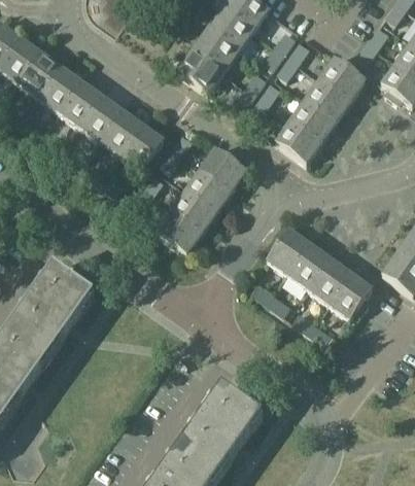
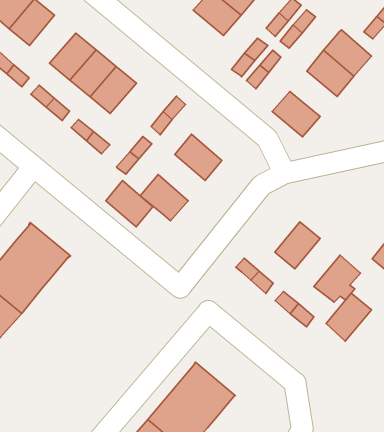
building: [177,48,222,91] -> none
building: [38,64,81,110] -> none
building: [290,98,336,140] -> none
building: [120,123,164,168] -> none
building: [200,146,246,189] -> none
building: [171,187,216,231] -> [106,181,153,227]
building: [267,227,310,273] -> none
building: [309,256,351,303] -> [326,293,371,341]

